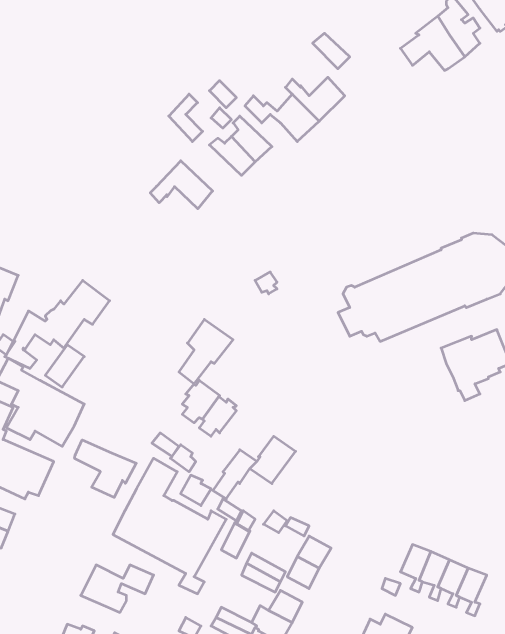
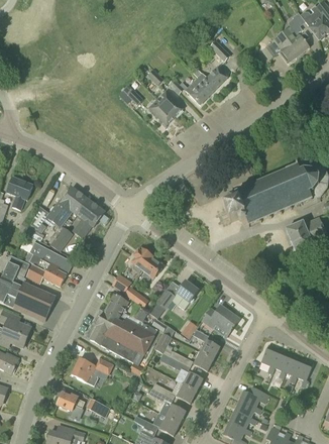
building: [150,161,213,209] -> none
building: [179,319,233,384] -> [73,200,105,238]
building: [75,440,136,497] -> none
building: none -> [202,305,239,337]

